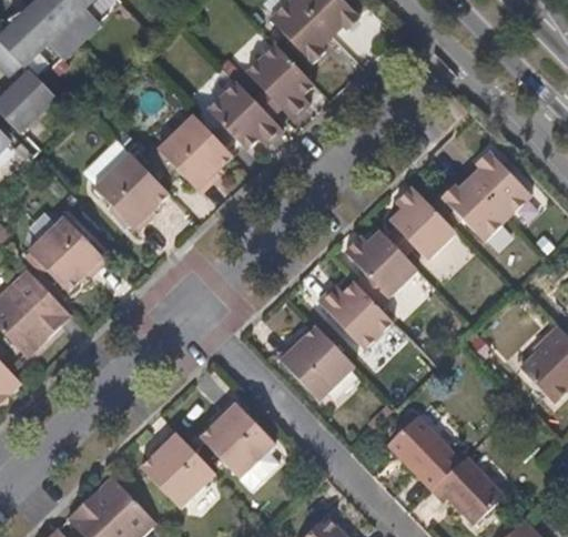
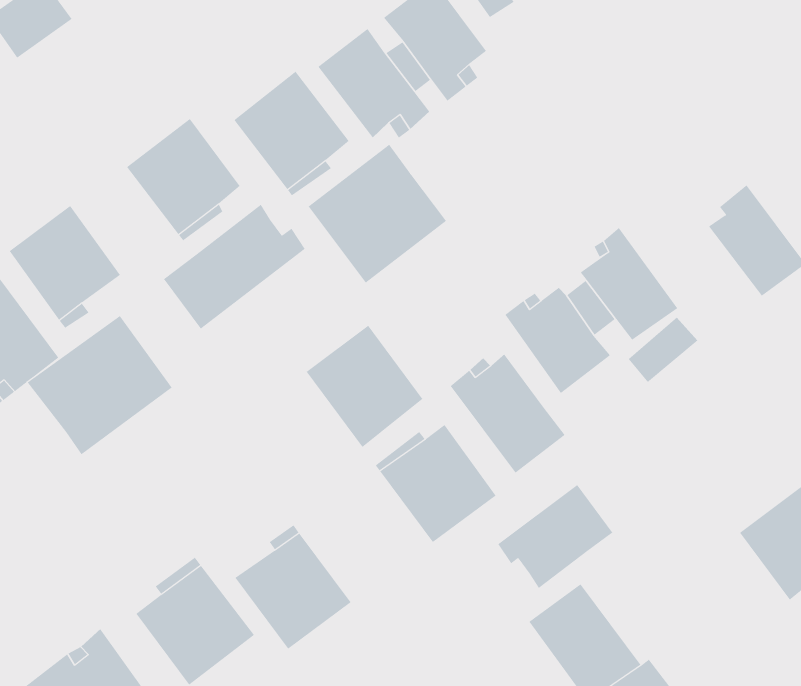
building: none -> [308,144,447,283]
building: [442,178,509,241] -> none
building: none -> [163,204,305,329]
building: none -> [306,325,423,448]
building: none -> [27,315,172,455]
building: none -> [498,484,613,589]

